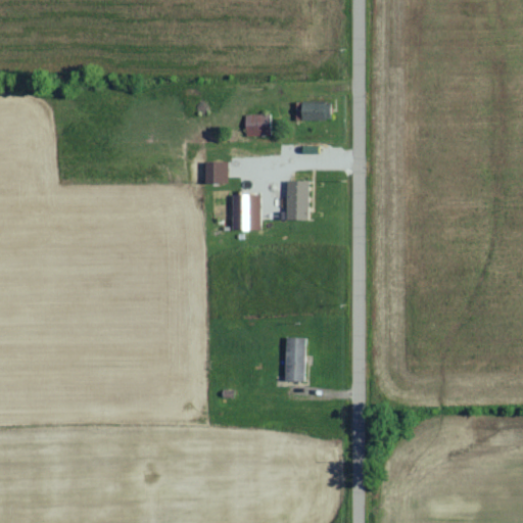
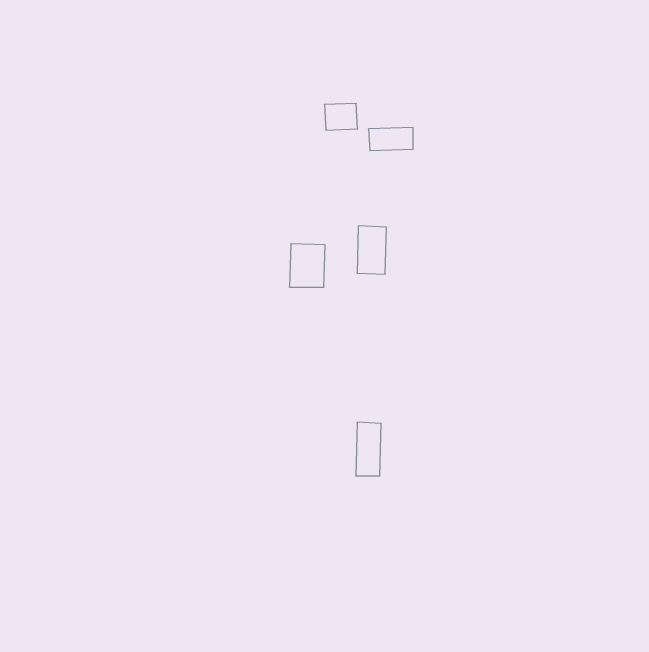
building: [244,114,271,136] -> [324,103,358,130]
building: [205,161,228,184] -> none

